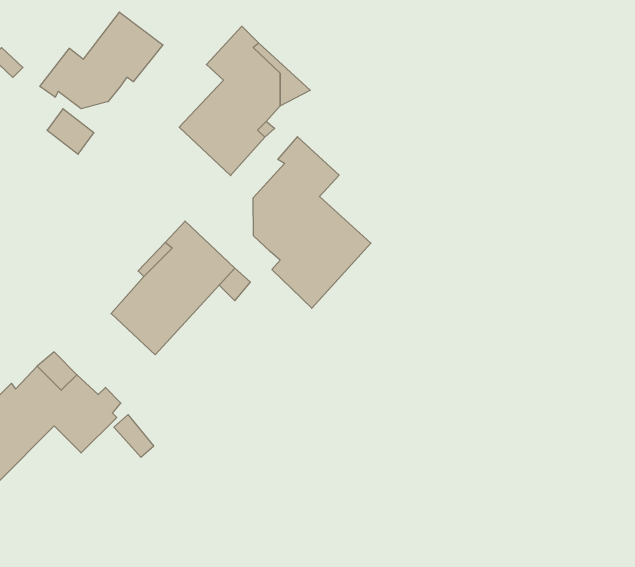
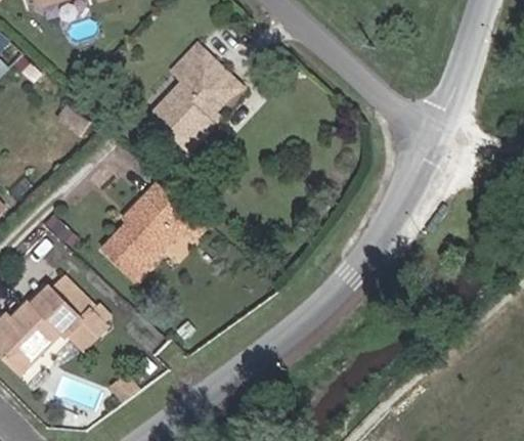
building: [40,12,163,109] -> none
building: [253,137,371,308] -> none

